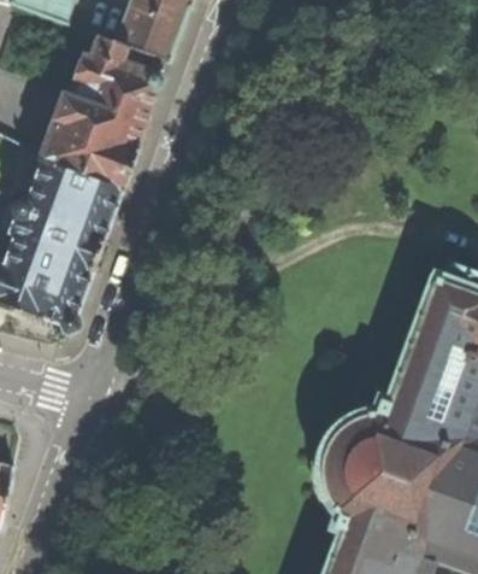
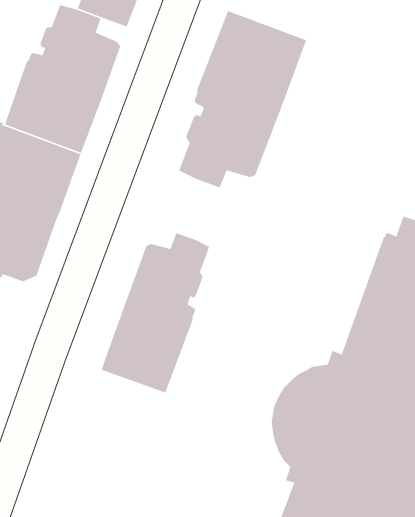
building: none -> [178,10,307,188]
building: none -> [101,232,210,394]

